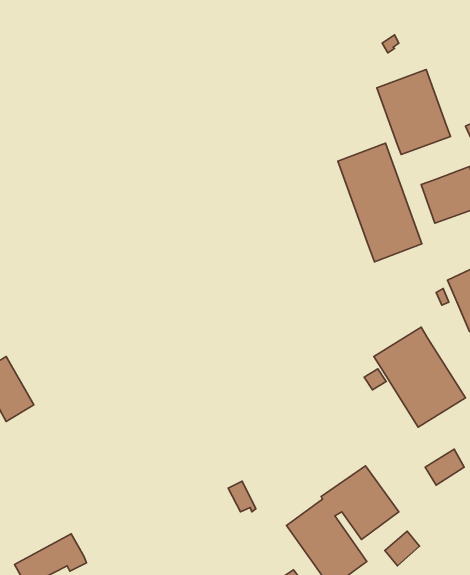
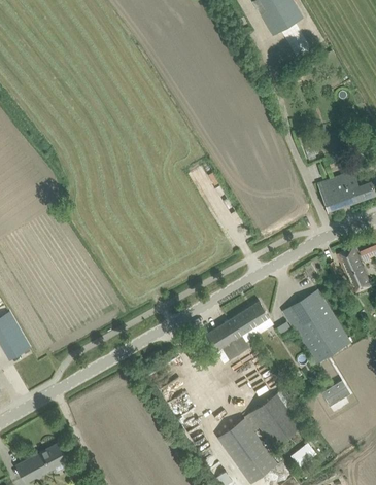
building: [377,69,450,155] -> none
building: [338,143,422,262] -> none
building: none -> [205,302,269,359]

